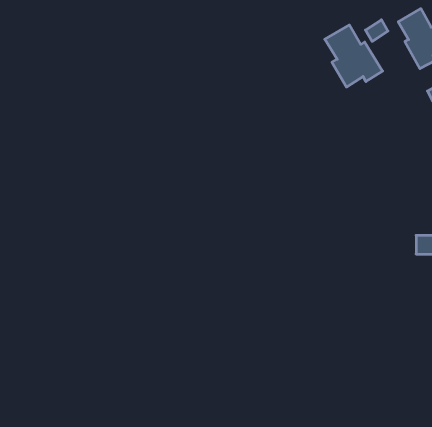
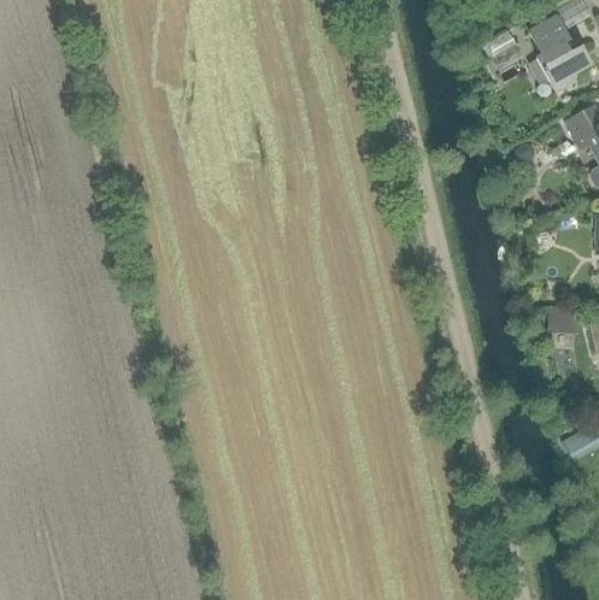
building: [325,25,383,87] -> none

